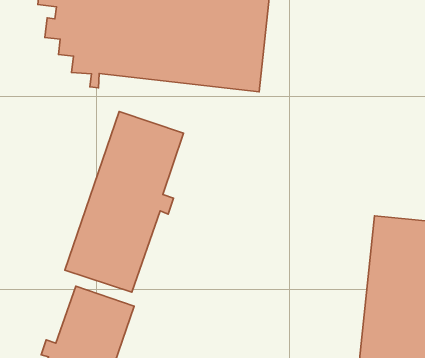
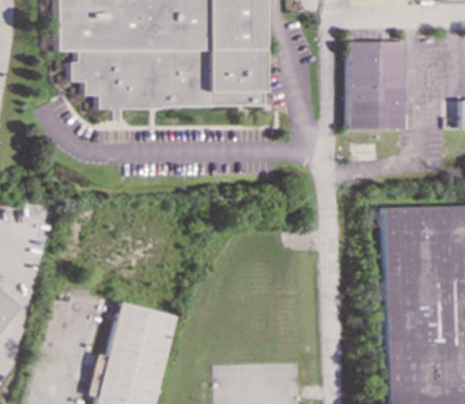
building: none -> [350,41,407,129]
building: [65,111,183,292] -> none

